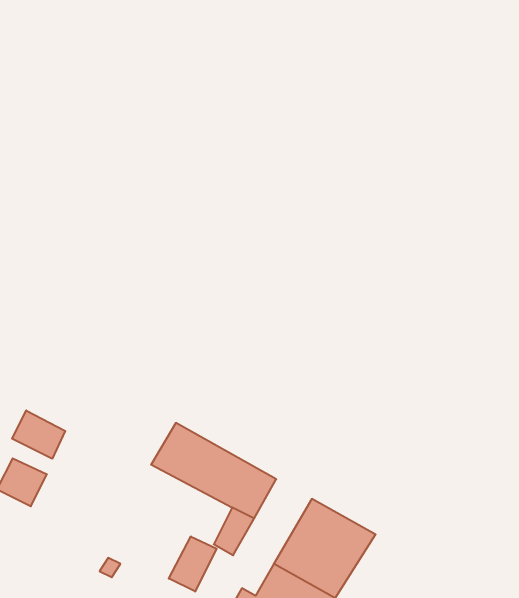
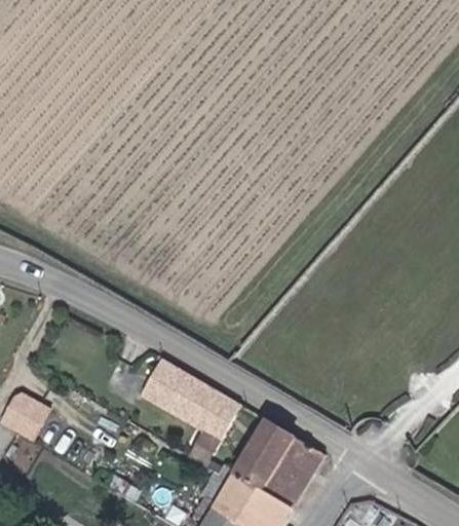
building: [12,410,65,459] -> none
building: [169,536,217,592] -> none

